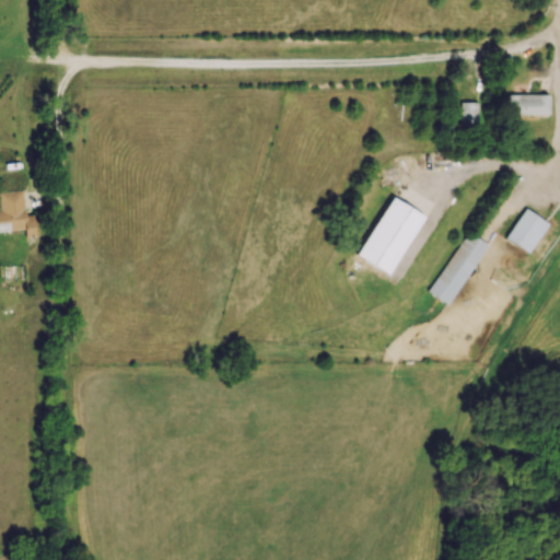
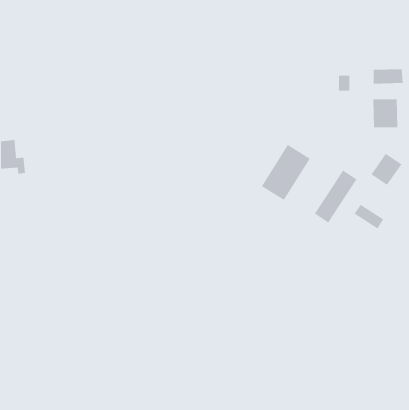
building: none -> [372,98,398,128]
building: none -> [354,204,384,230]

